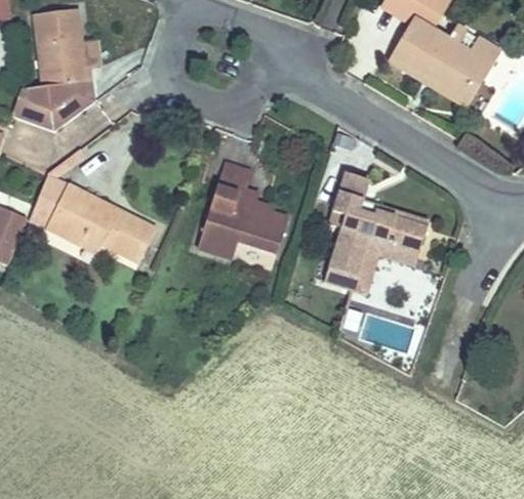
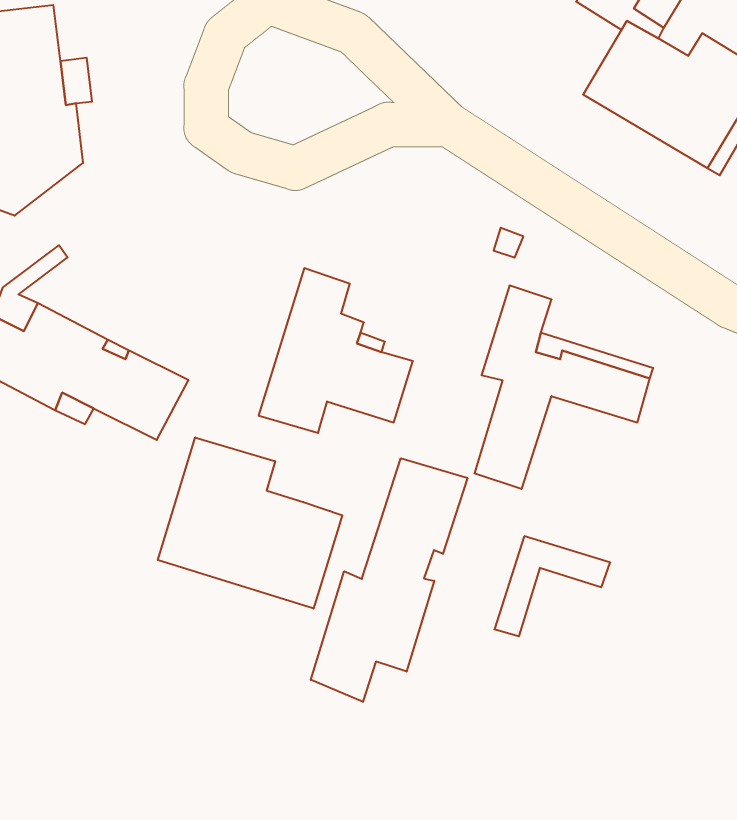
building: [352,237,419,295] -> [494,536,610,636]
building: none -> [158,437,342,609]
building: none -> [311,458,467,702]

